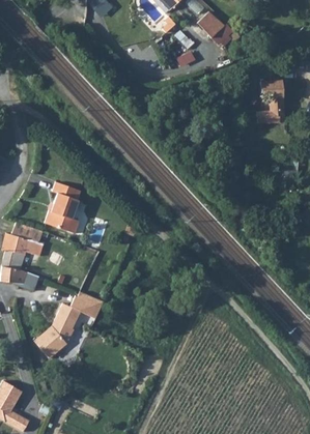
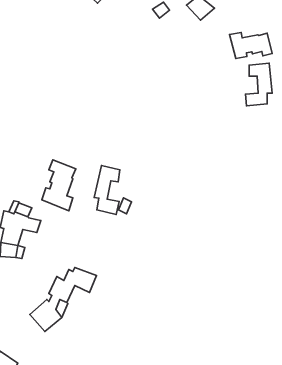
building: none -> [229,33,272,59]
building: none -> [94,166,120,214]

